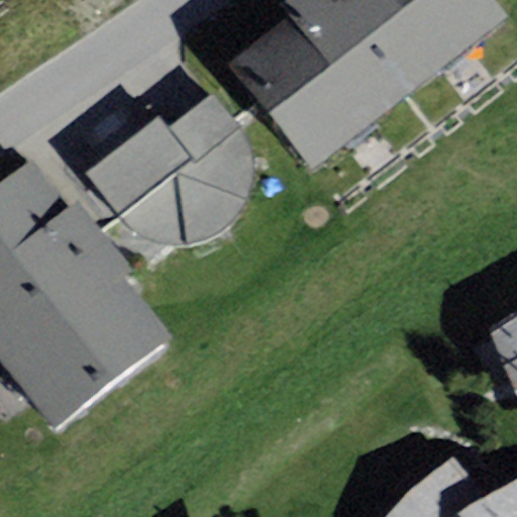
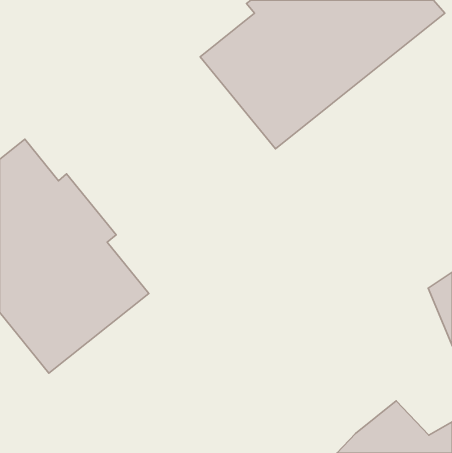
building: [84,93,253,244] -> none

